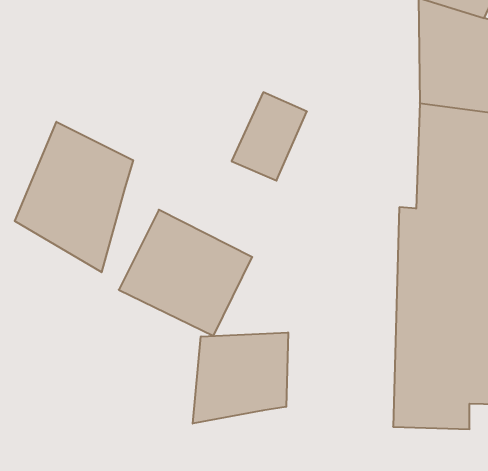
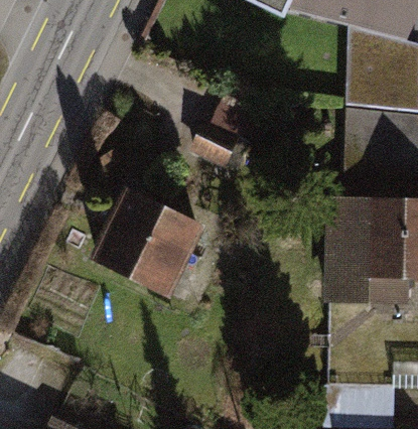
building: [15,122,133,272] -> none
building: [193,332,288,424] -> none

